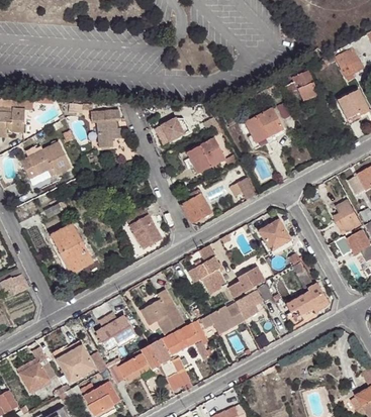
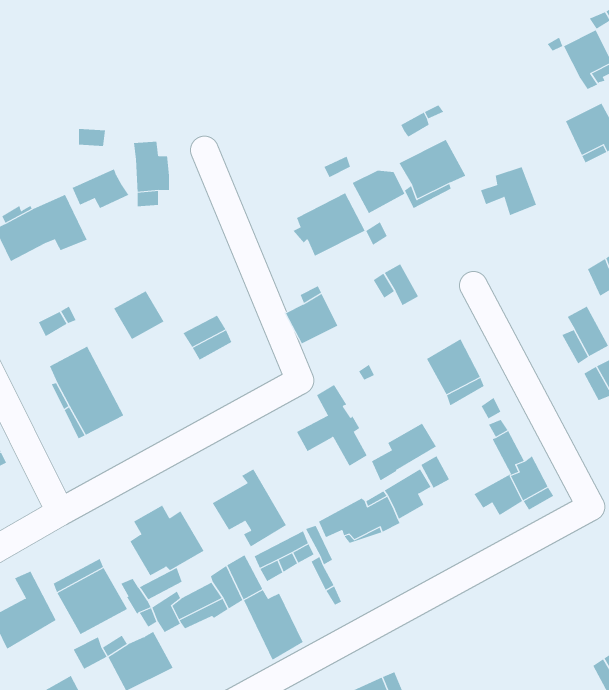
building: [285,72,316,99] -> [480,166,537,216]
building: [162,117,191,141] -> [352,170,405,214]
building: none -> [72,169,129,209]
building: [134,221,163,248] -> [113,290,164,340]

